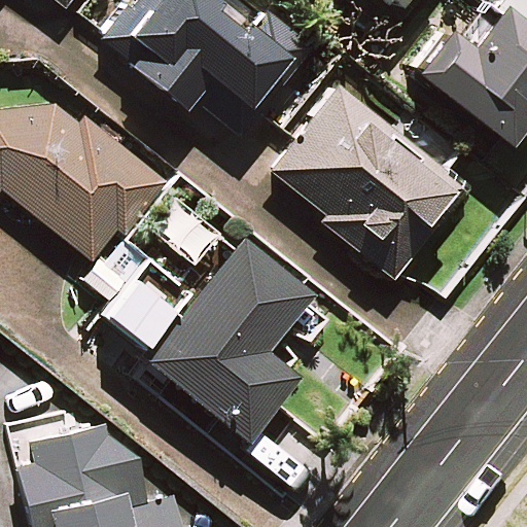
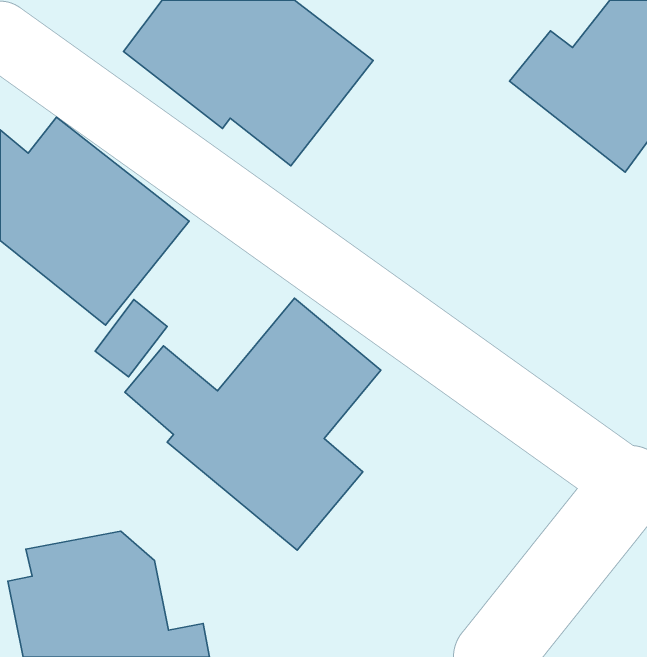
building: [270,87,462,279] -> none

